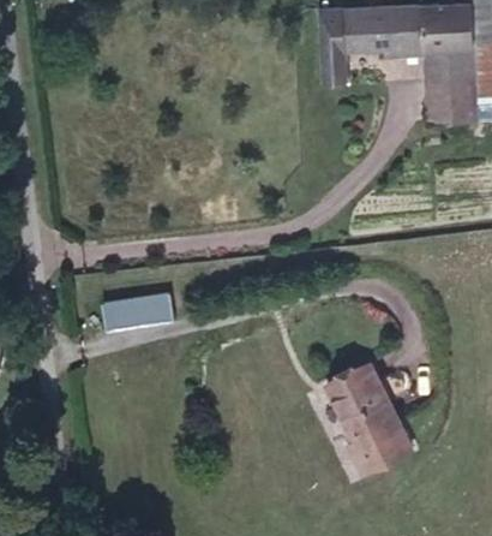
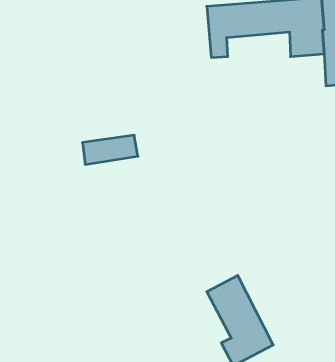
building: [428,72,475,118] -> none
building: [101,298,174,337] -> [82,135,138,164]

